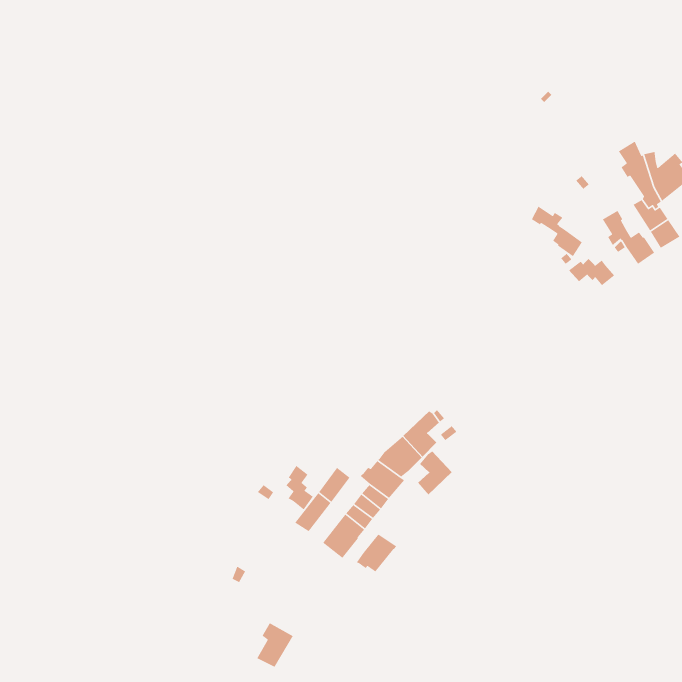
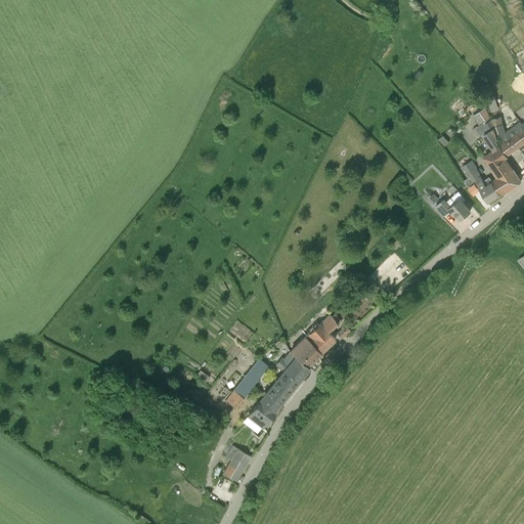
building: [531,205,583,257] -> none
building: [417,451,453,496] -> none
building: [286,465,314,510] -> none
building: [356,533,397,572] -> none
building: [256,622,294,668] -> [223,447,252,482]

